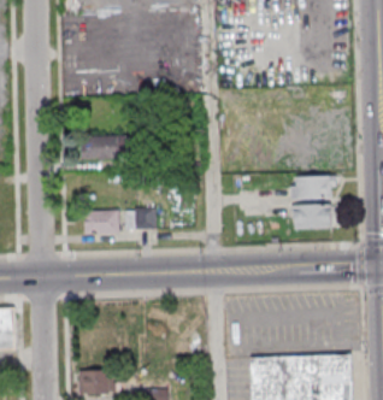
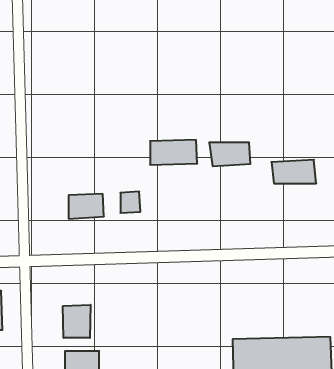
building: [79,135,128,160] -> [150,140,197,165]
building: [290,205,332,229] -> [209,143,250,166]
building: none -> [63,305,91,338]

